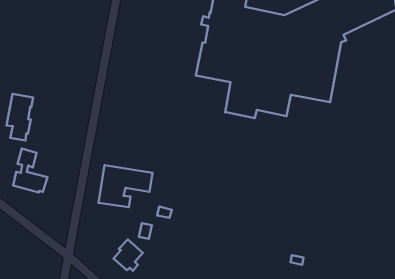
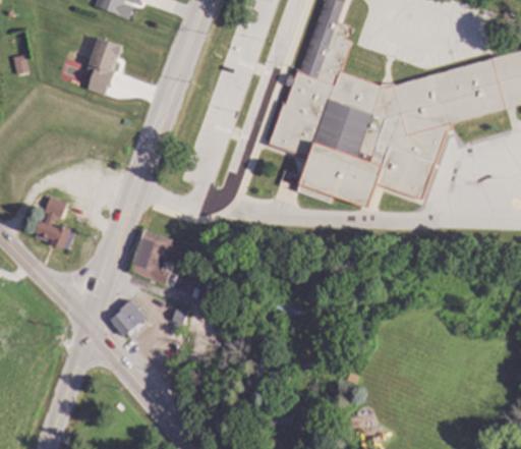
building: [6,94,33,140] -> [85,38,122,95]
building: [113,240,143,271] -> [110,298,146,336]

